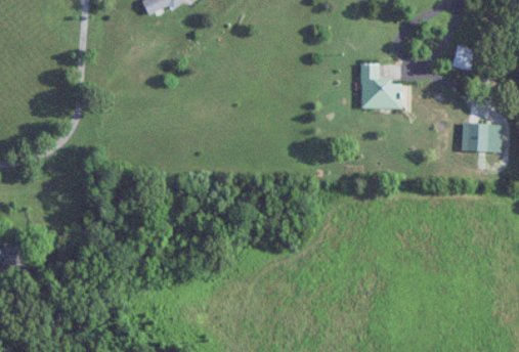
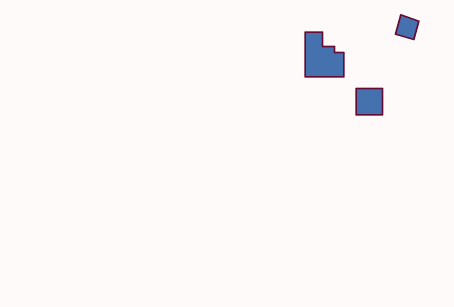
building: [462,123,488,149] -> [356,88,383,115]

